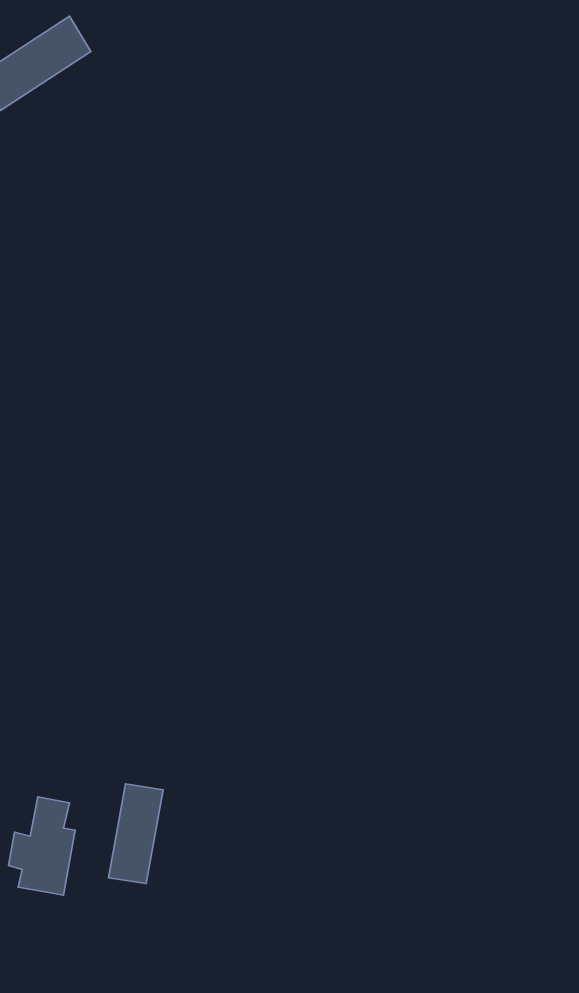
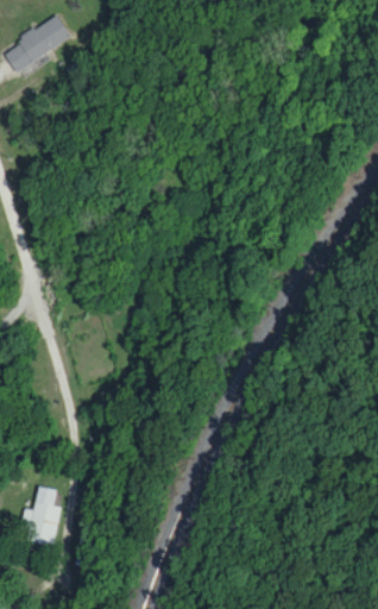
building: [108,784,163,884] -> none

